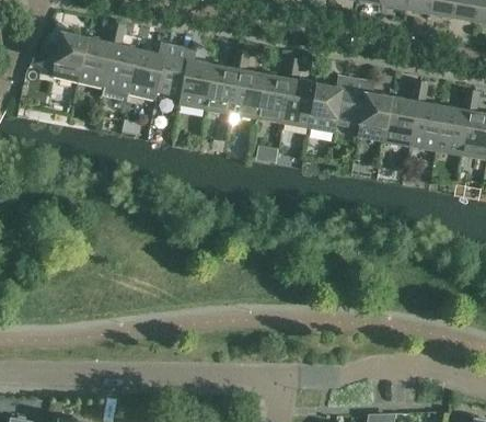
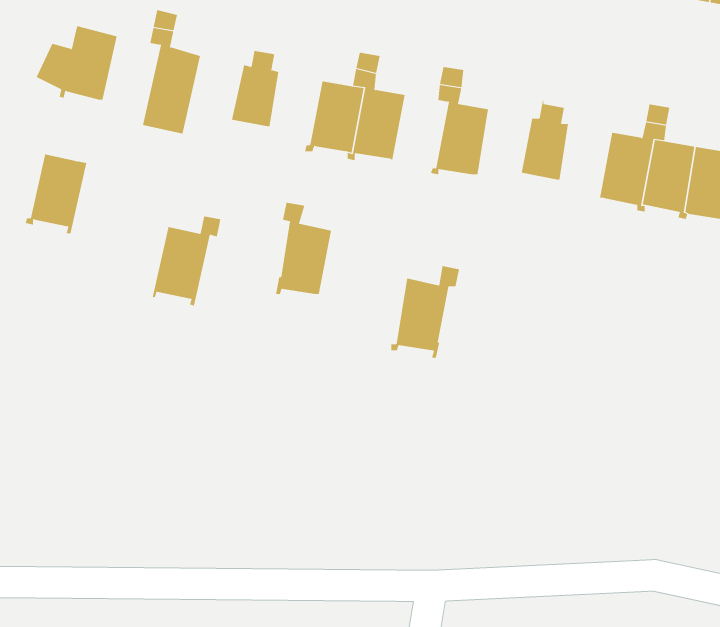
building: [76,38,114,88] -> [25,154,87,234]
building: [129,44,172,100] -> [152,216,221,306]
building: [178,48,213,105] -> [275,202,332,295]
building: [254,75,291,119] -> none
building: [306,76,349,133] -> [390,266,460,358]
building: [357,80,392,142] -> none

